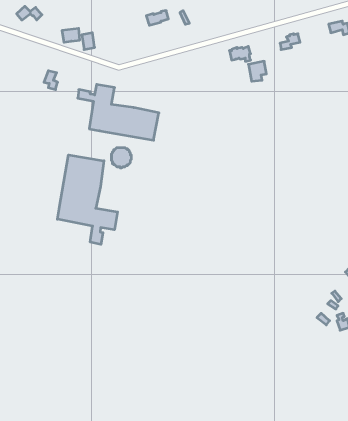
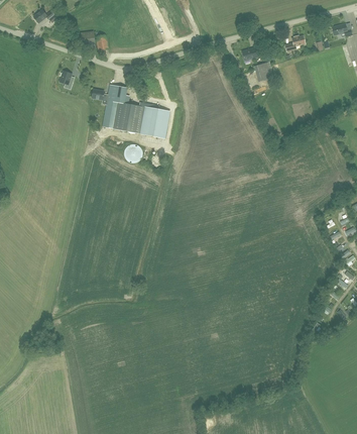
building: [57,155,118,244] -> none

